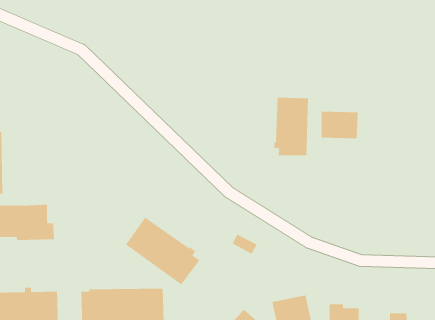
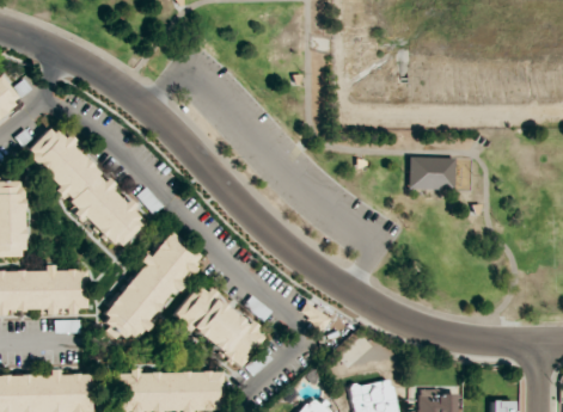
building: none -> [27,128,145,248]
building: [274,97,309,156] -> none
building: none -> [103,232,202,343]

